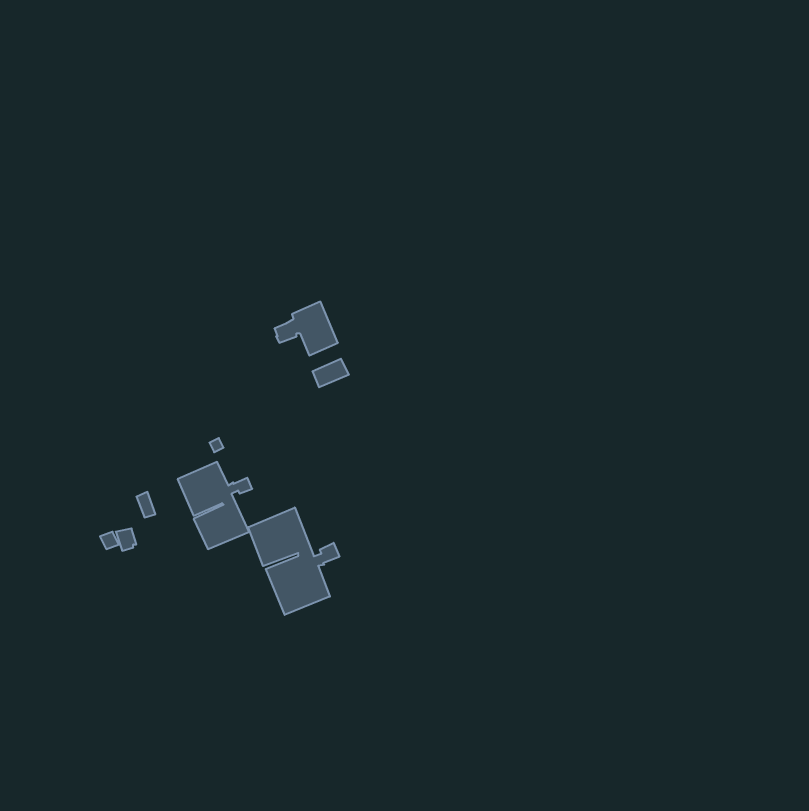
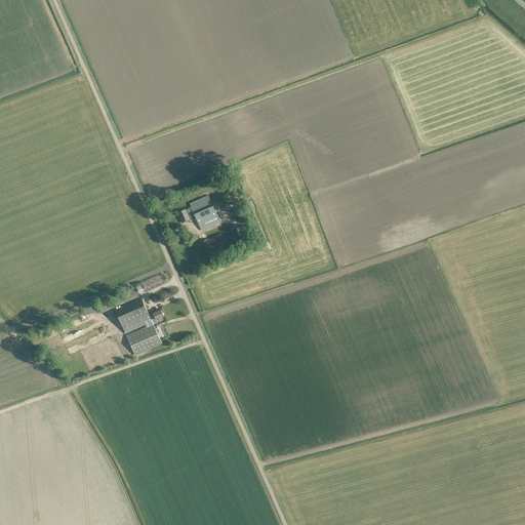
building: [248,507,339,615] -> none

